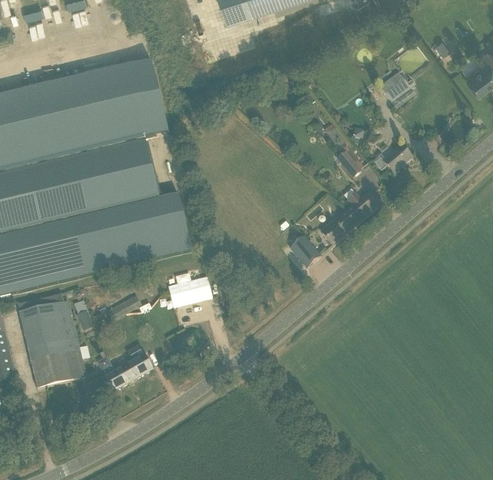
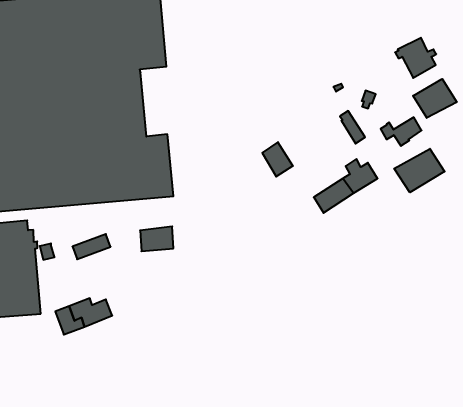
building: none -> [413,79,457,118]
building: none -> [394,149,445,192]
building: [290,233,320,265] -> [262,142,293,177]

